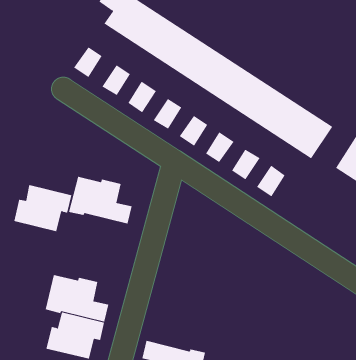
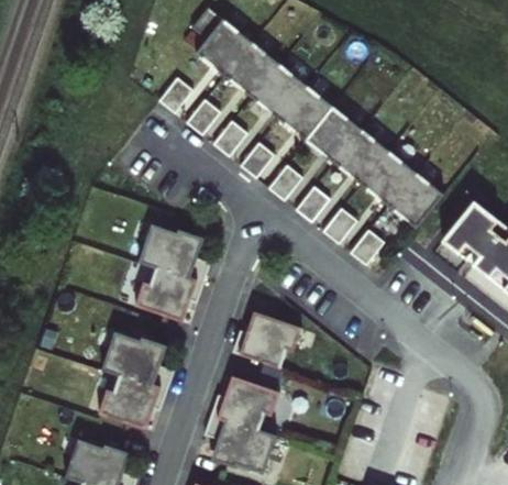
building: [14,184,72,232] -> [135,266,203,322]
building: none -> [232,311,301,368]
building: none -> [211,375,280,431]

